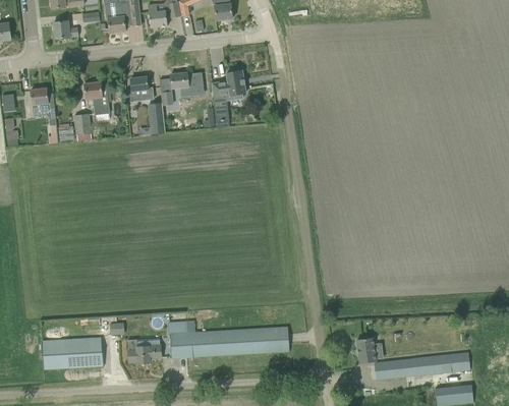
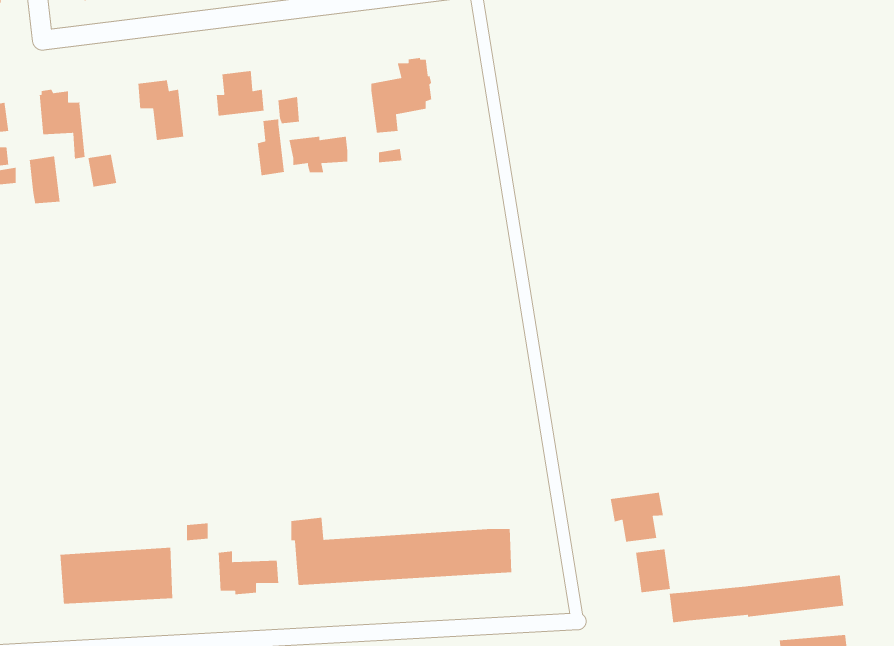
building: [169,72,202,93] -> [289,136,348,173]
building: [73,114,91,140] -> [29,156,61,204]
building: none -> [610,492,664,543]

